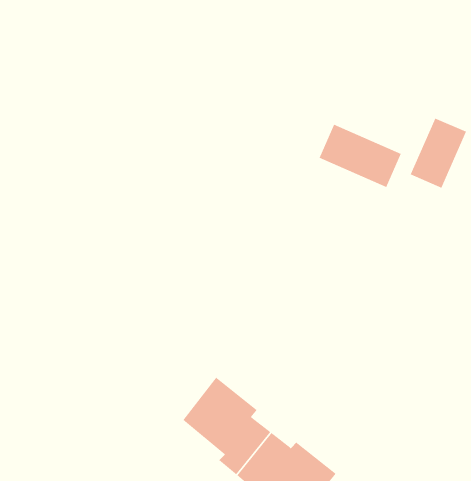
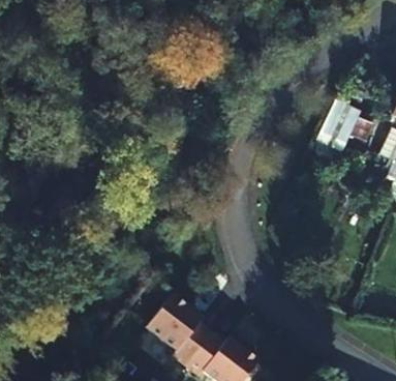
building: [319,124,402,188] -> none

